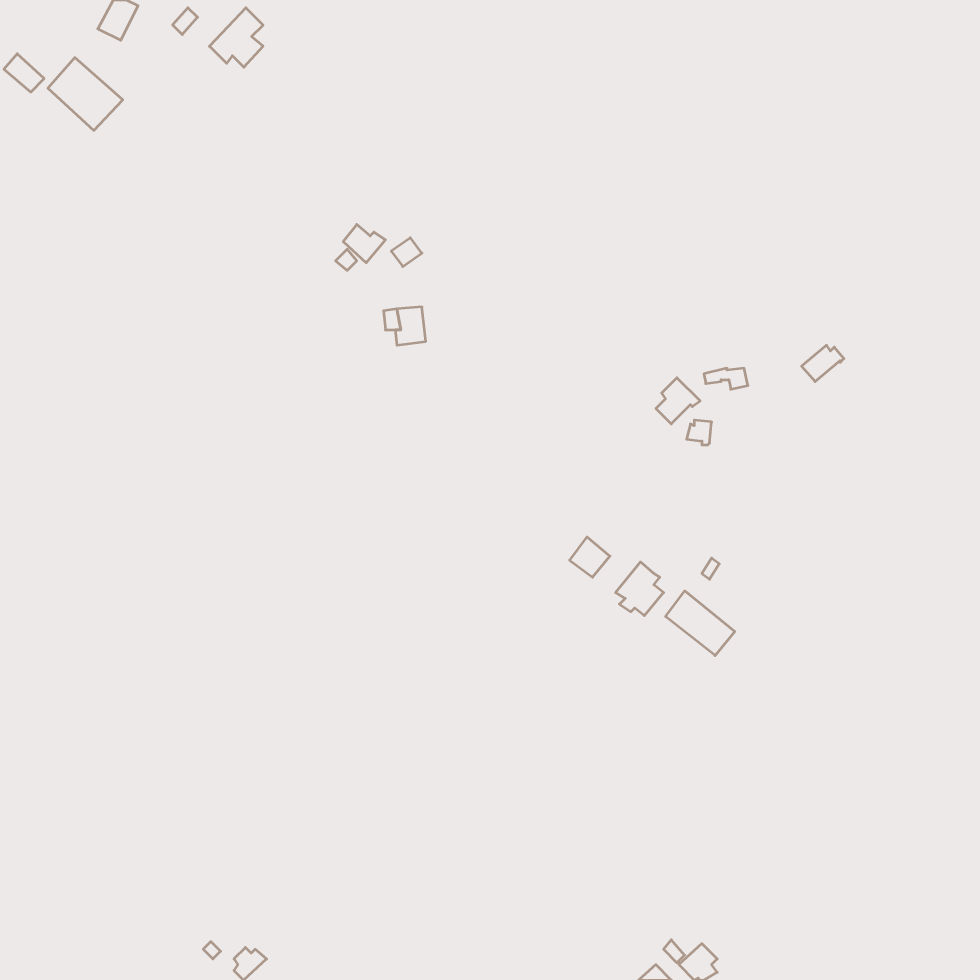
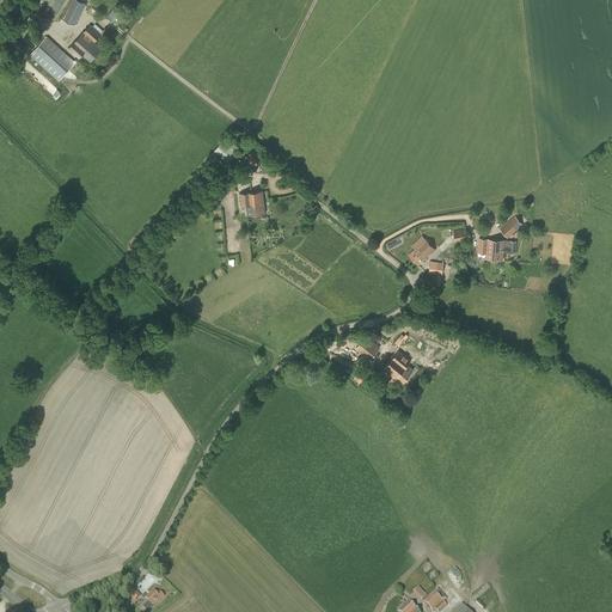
building: [209,8,263,67] -> [68,24,102,61]
building: none -> [478,238,516,261]
building: [666,591,735,656] -> none

